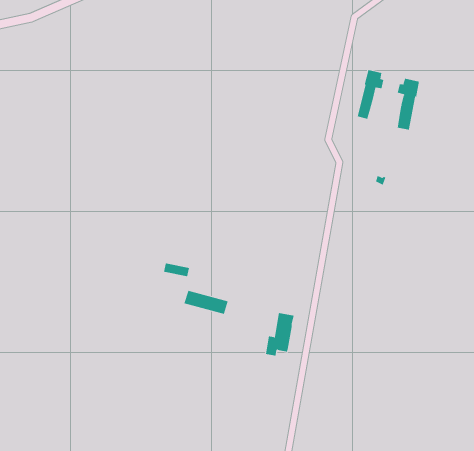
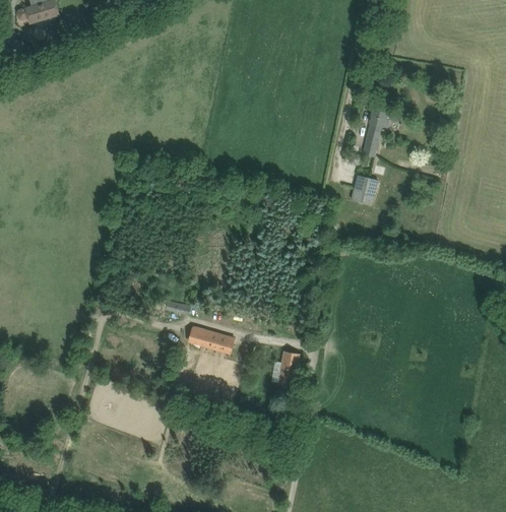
building: [397,78,420,130] -> none
building: none -> [350,174,378,204]

